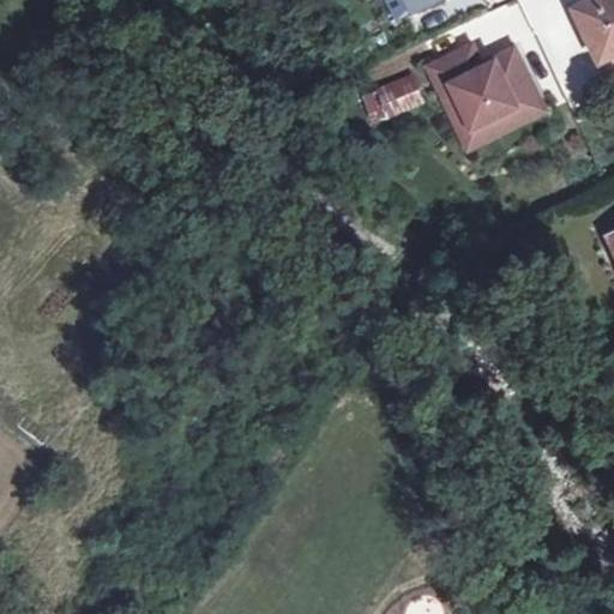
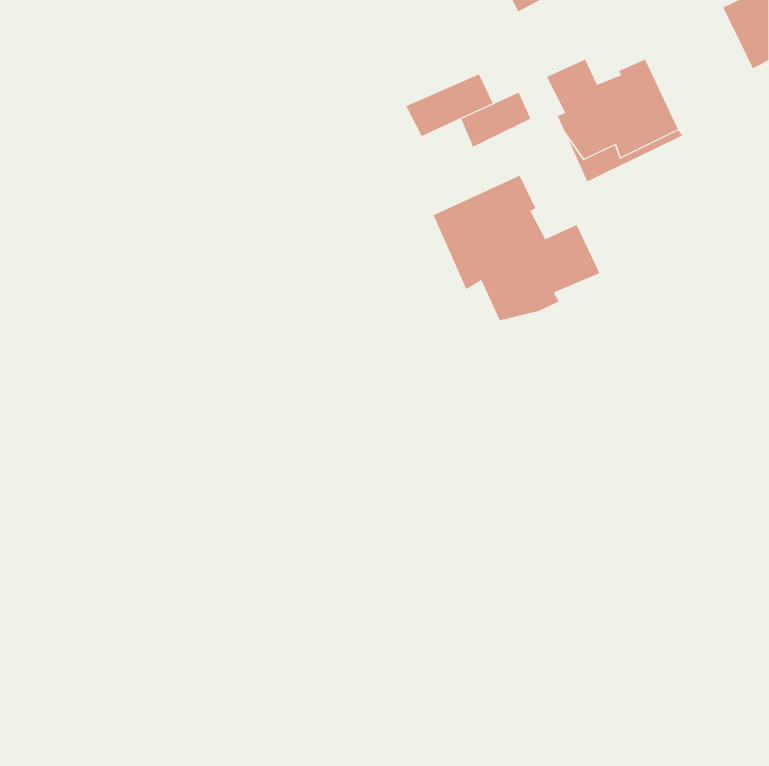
building: none -> [406,74,494,137]
building: none -> [433,175,600,321]

